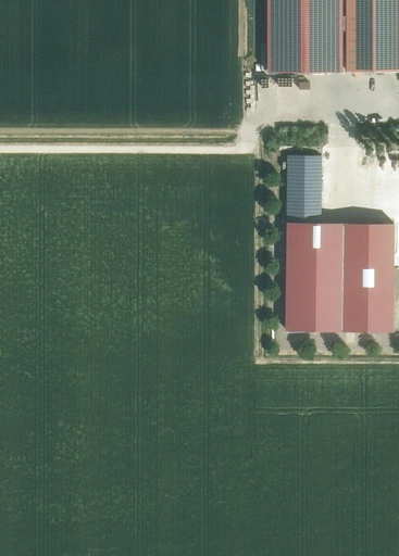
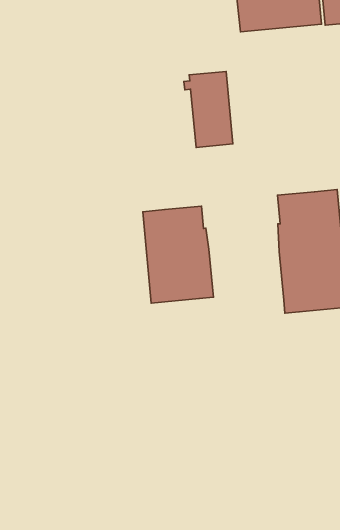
building: [283,155,322,222] -> [184,71,233,147]
building: none -> [143,206,213,303]

